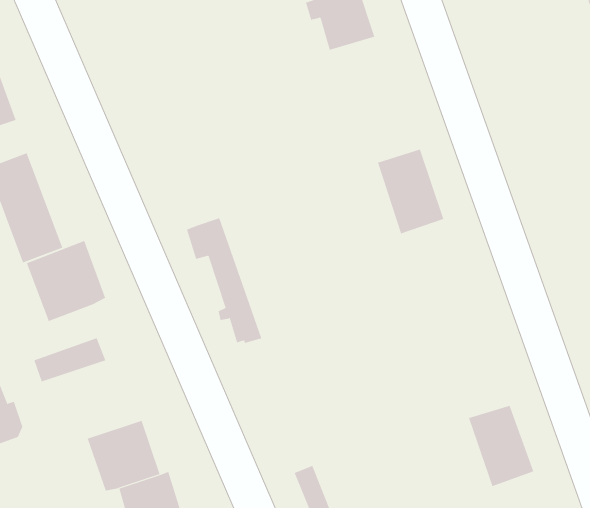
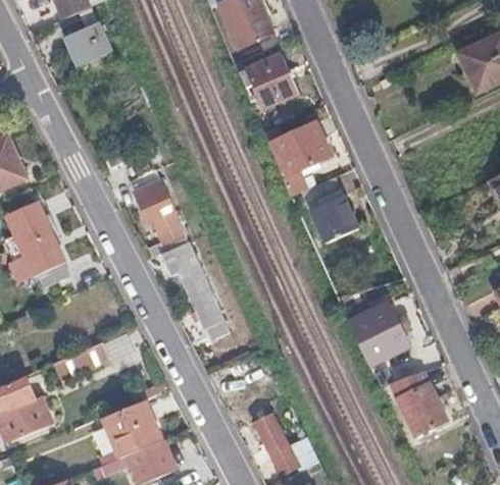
building: none -> [273,123,328,172]
building: none -> [135,169,188,250]
building: [26,240,106,322] -> none
building: none -> [351,302,409,361]

